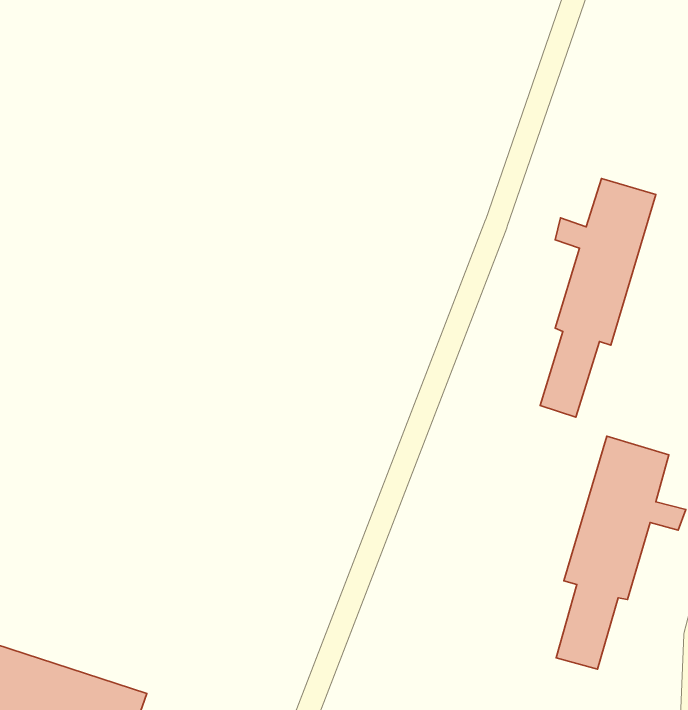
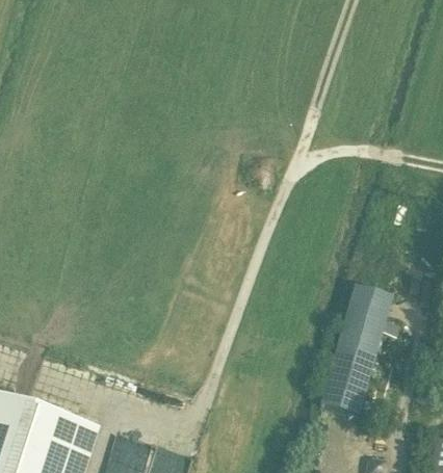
building: [540,178,656,417] -> none

